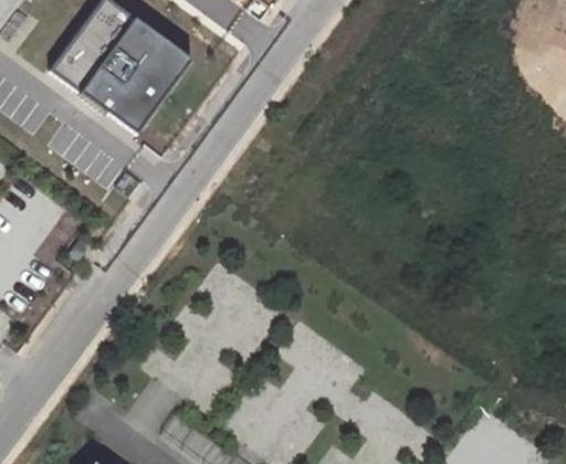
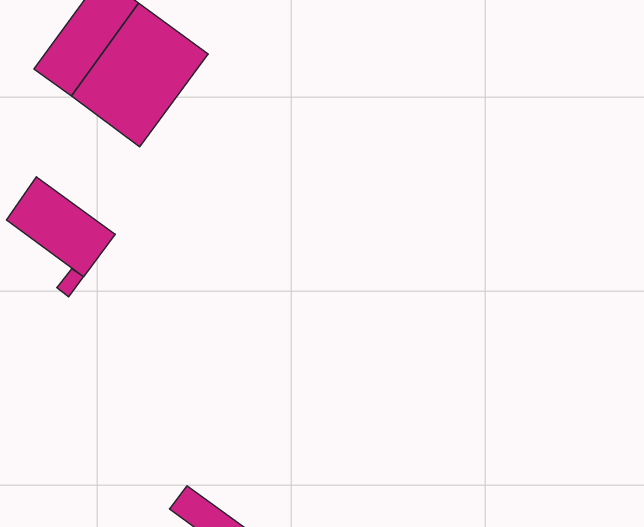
building: none -> [6,177,115,277]

